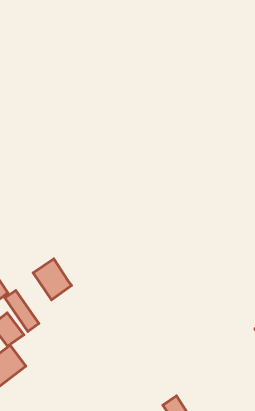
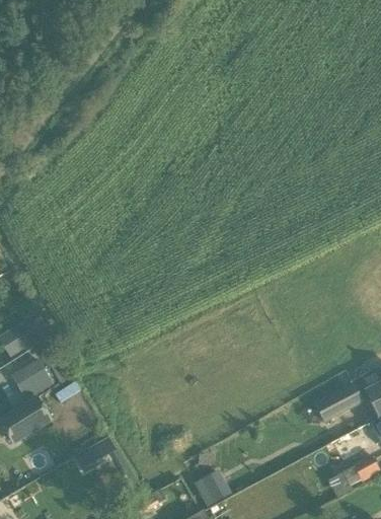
building: [33,259,71,300] -> none

